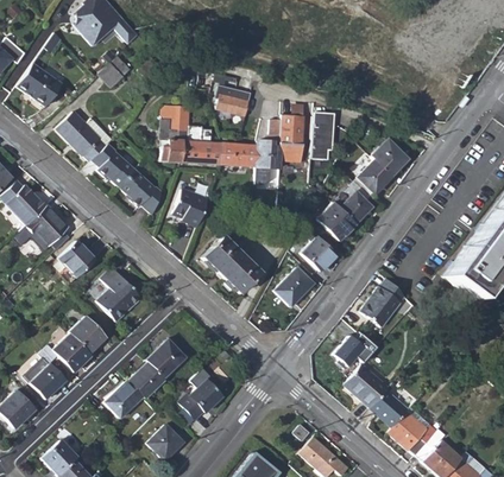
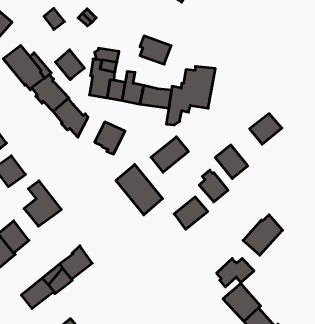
building: none -> [55,50,84,80]
building: [313,112,336,160] -> none
building: [372,139,409,176] -> none
building: [333,180,373,224] -> none
building: none -> [151,137,188,172]
building: [179,380,222,420] -> none

